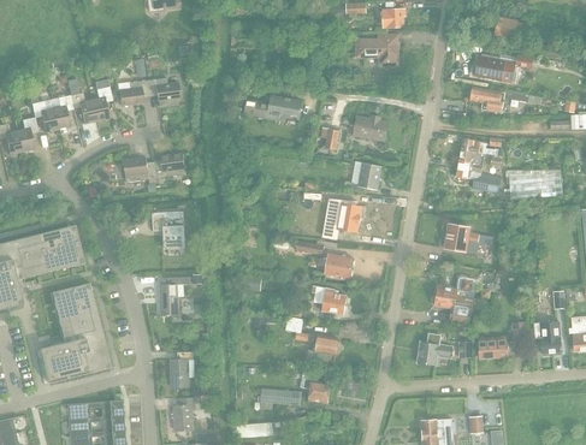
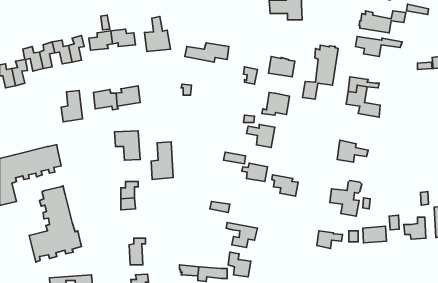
building: none -> [144,16,171,52]
building: none -> [303,45,338,99]
building: none -> [61,90,82,122]
building: none -> [151,142,173,180]
building: [310,285,345,313] -> [272,175,298,196]

